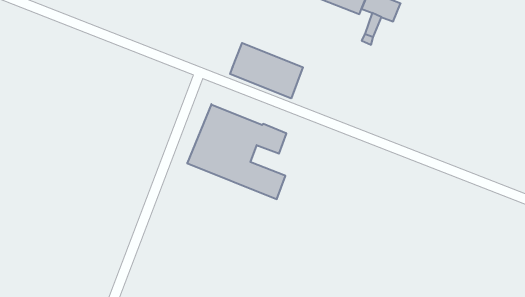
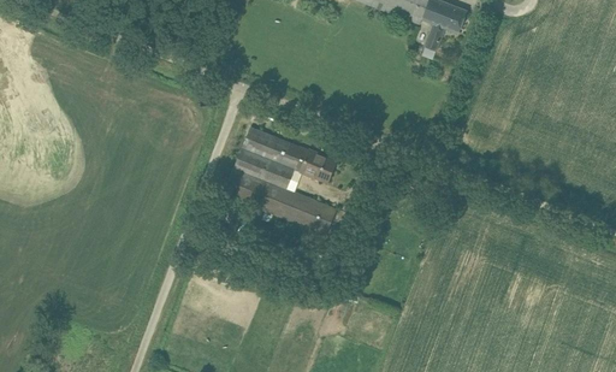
building: [230,43,303,98] -> none

